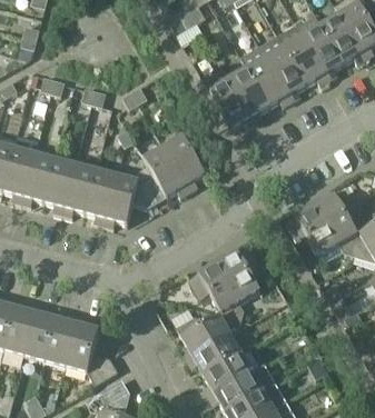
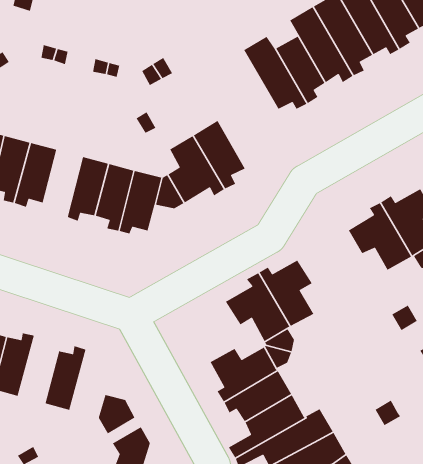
building: [45,159,76,213] -> none
building: [24,307,57,361] -> none
building: [66,318,99,372] -> none

